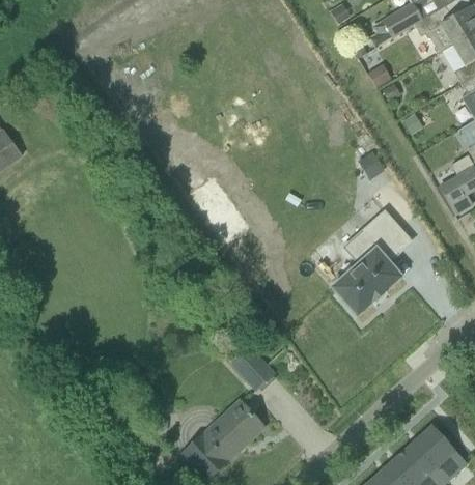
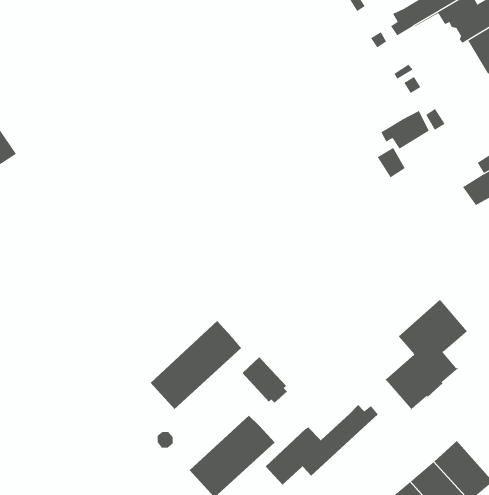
building: none -> [381,110,429,149]
building: [333,211,411,316] -> [385,299,468,411]
building: none -> [150,320,242,410]
building: none -> [265,404,379,486]

